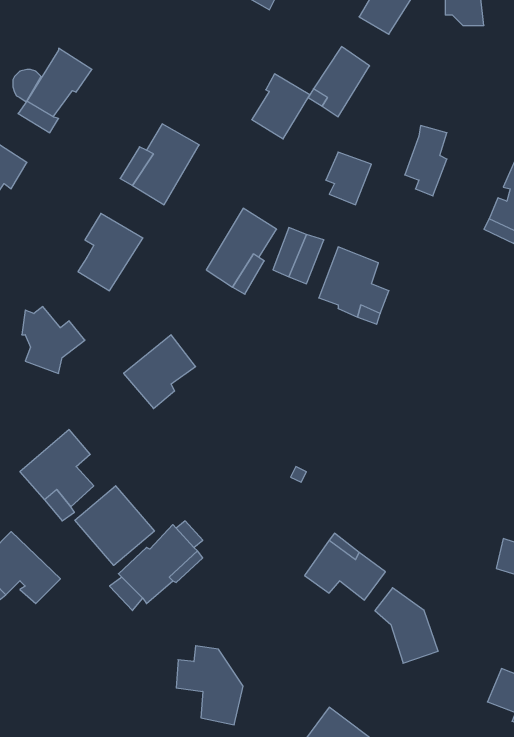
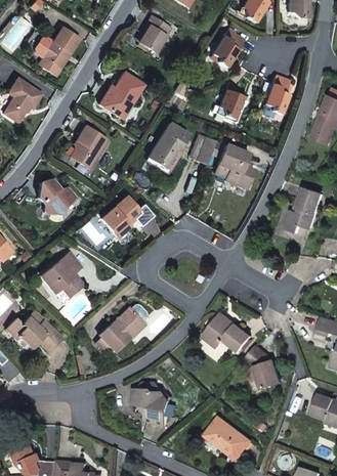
building: [252,74,310,139] -> [135,16,169,54]
building: none -> [284,188,322,232]
building: [75,486,154,565] -> none

